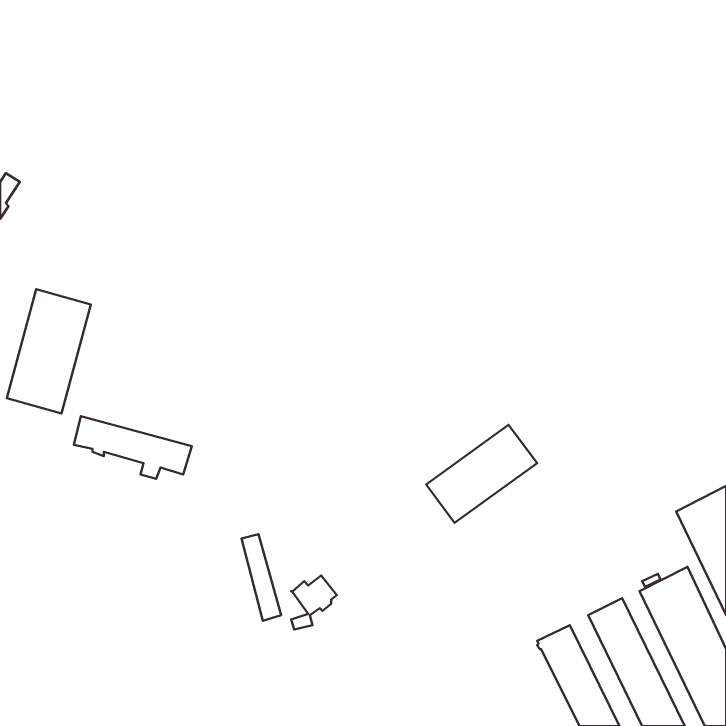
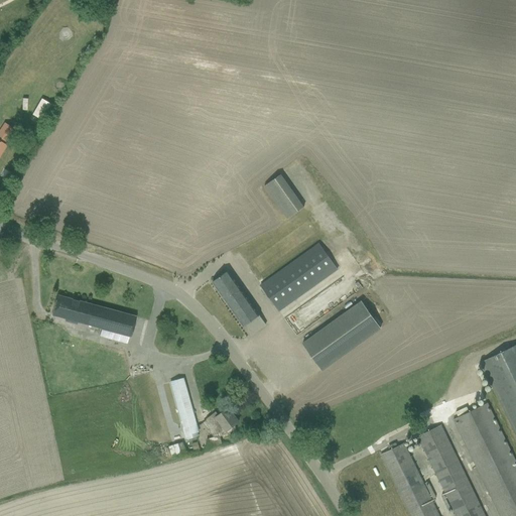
building: none -> [265,175,304,220]
building: [7,289,91,414] -> none
building: none -> [260,243,338,311]
building: none -> [213,271,267,338]

